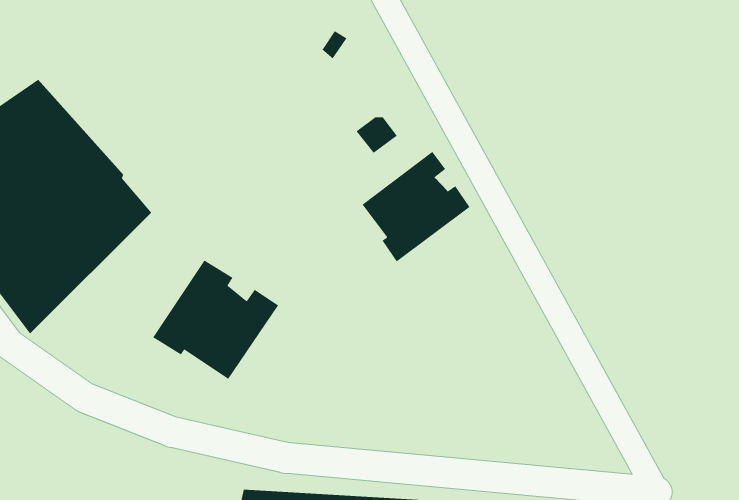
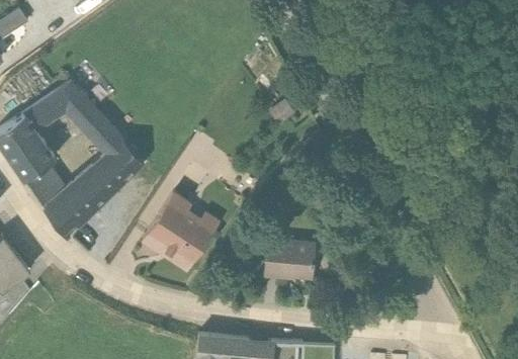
building: [362,151,470,263] -> none
building: none -> [262,236,314,279]

